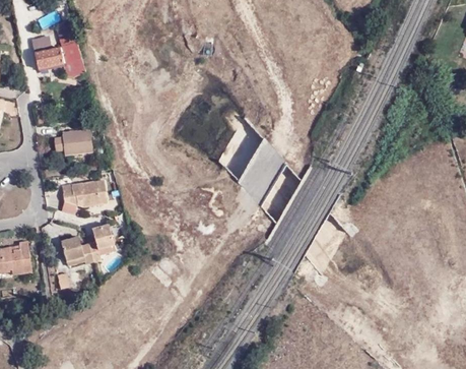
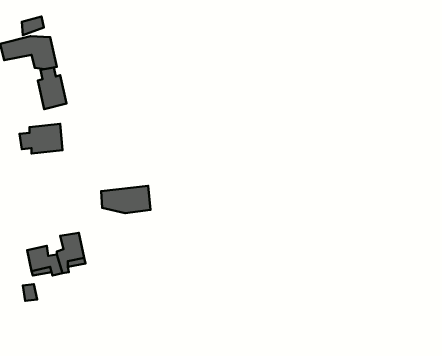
building: none -> [38,67,67,109]
building: [63,183,109,208] -> [101,186,150,213]

